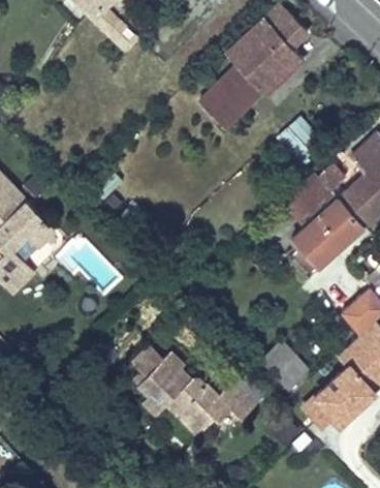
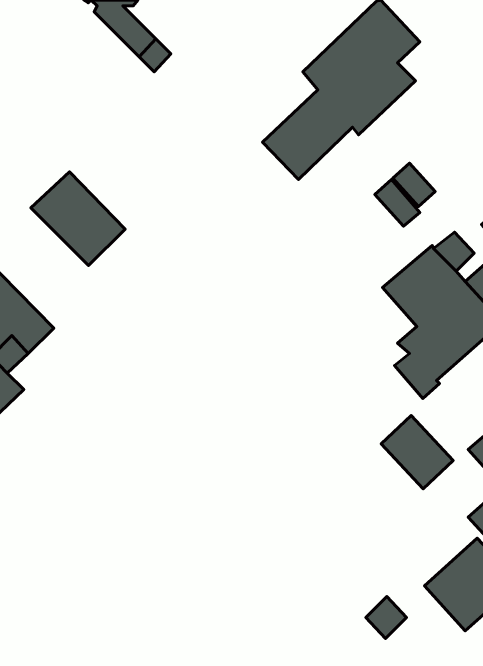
building: none -> [31,172,125,266]
building: [259,339,309,390] -> [381,415,453,489]
building: [132,345,256,434] -> none

